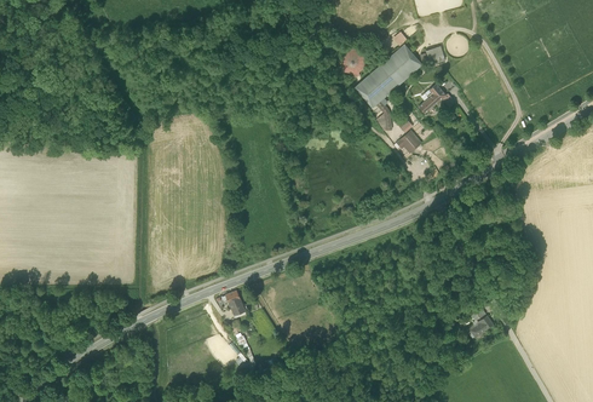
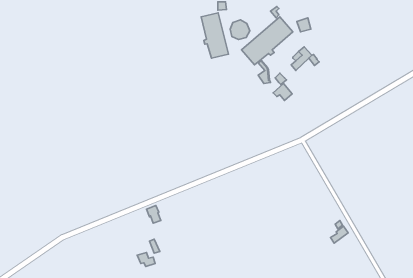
building: none -> [201,13,229,58]

